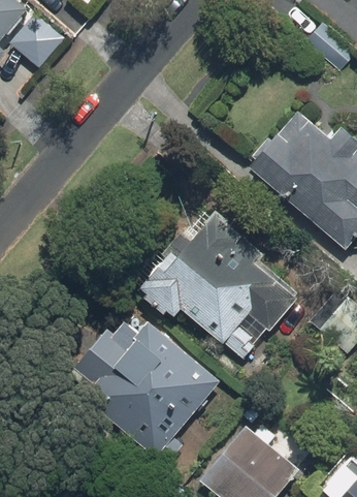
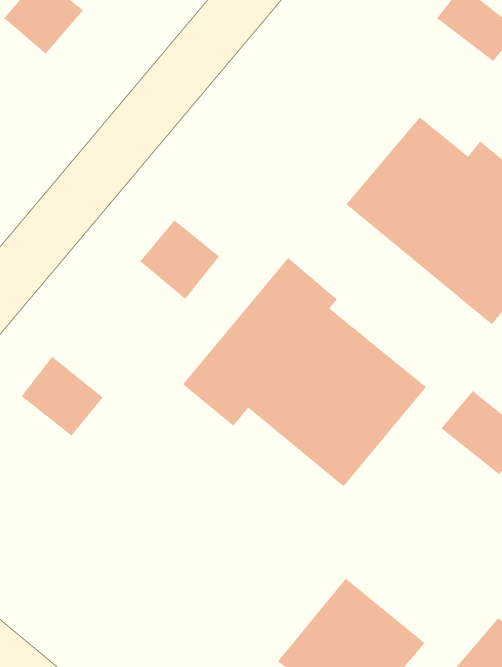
building: none -> [140,220,220,300]
building: none -> [21,356,103,437]
building: [64,319,221,466] -> none

